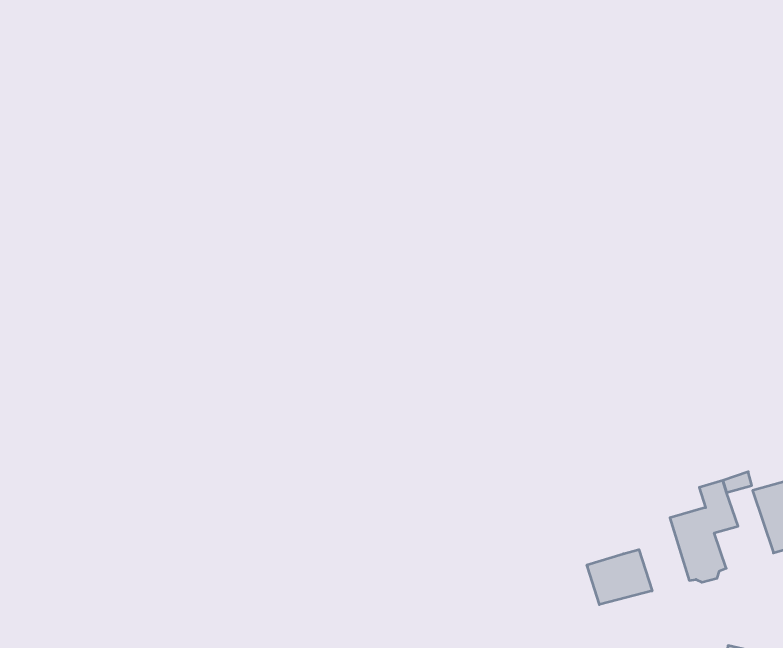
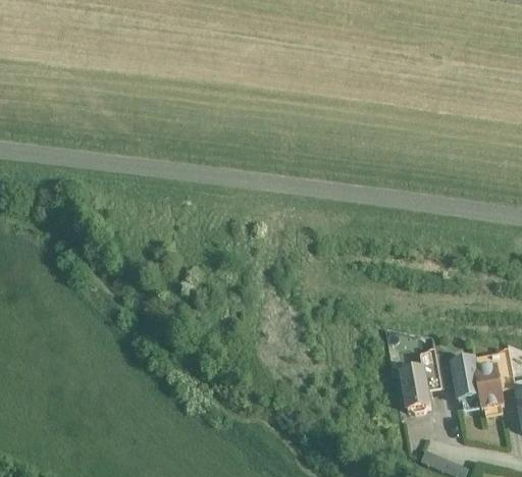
building: [587,550,652,605] -> none

